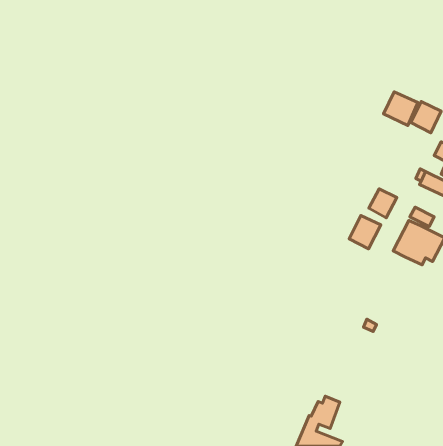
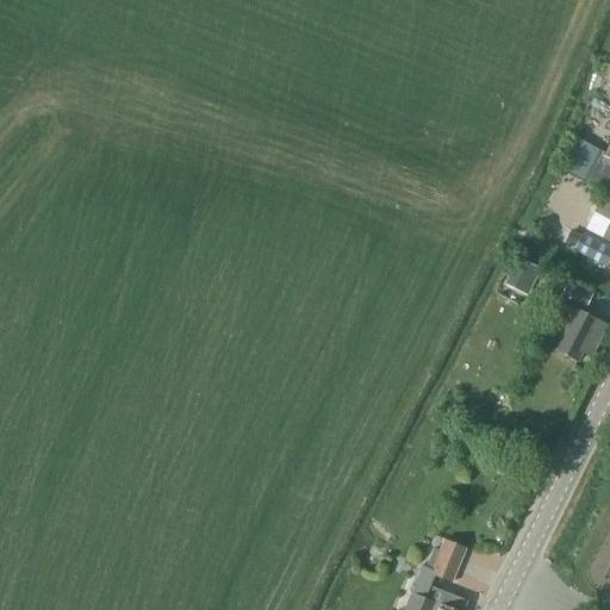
building: [384,92,418,125] -> none
building: [349,216,381,249] -> none

